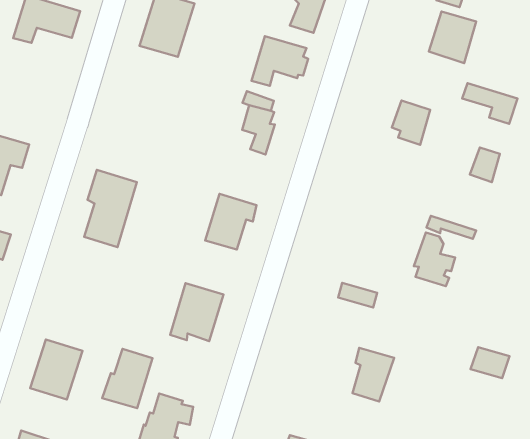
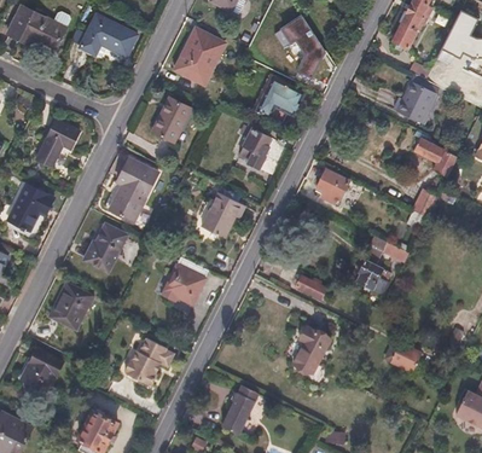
building: none -> [153,98,190,141]
building: [392,100,430,145] -> [317,168,348,204]
building: [102,349,153,408] -> [83,223,127,271]

